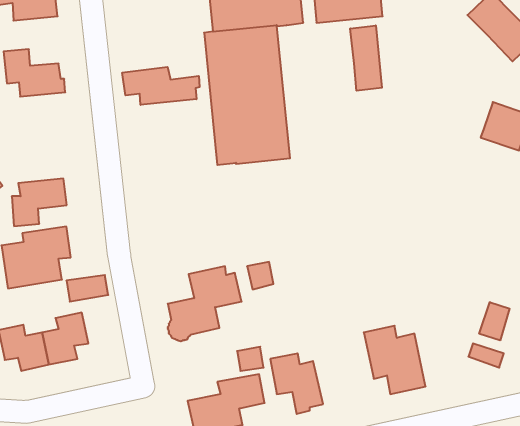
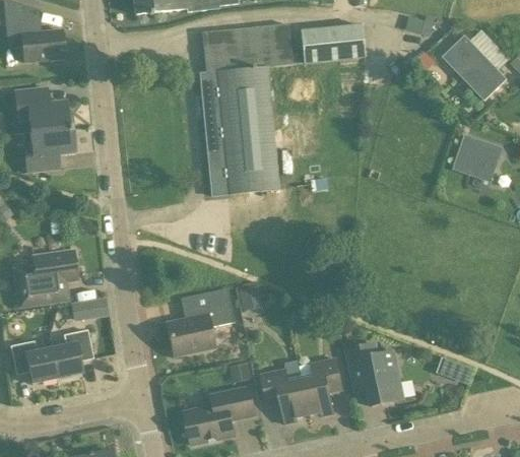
building: [350,25,382,91] -> none
building: [122,67,200,105] -> none
building: [12,179,67,226] -> [23,127,74,171]
building: [479,302,510,340] -> none
building: none -> [300,356,343,415]

